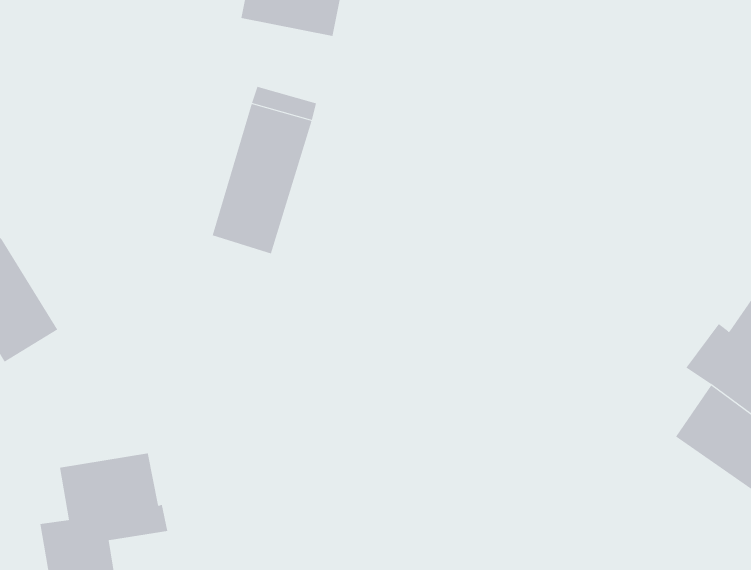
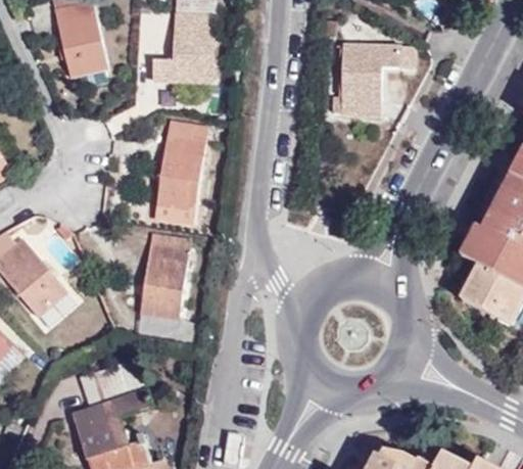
building: none -> [340,44,414,113]
building: none -> [138,235,188,317]

